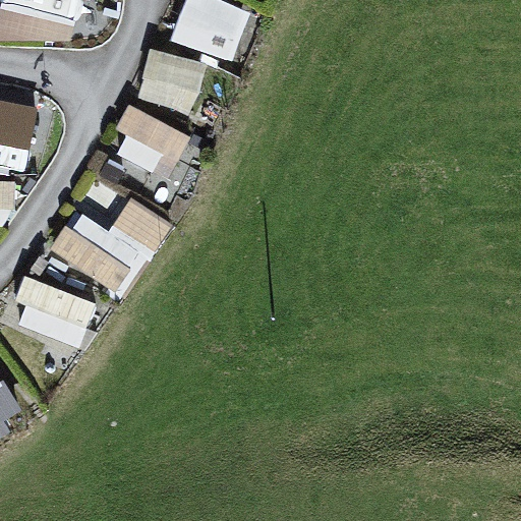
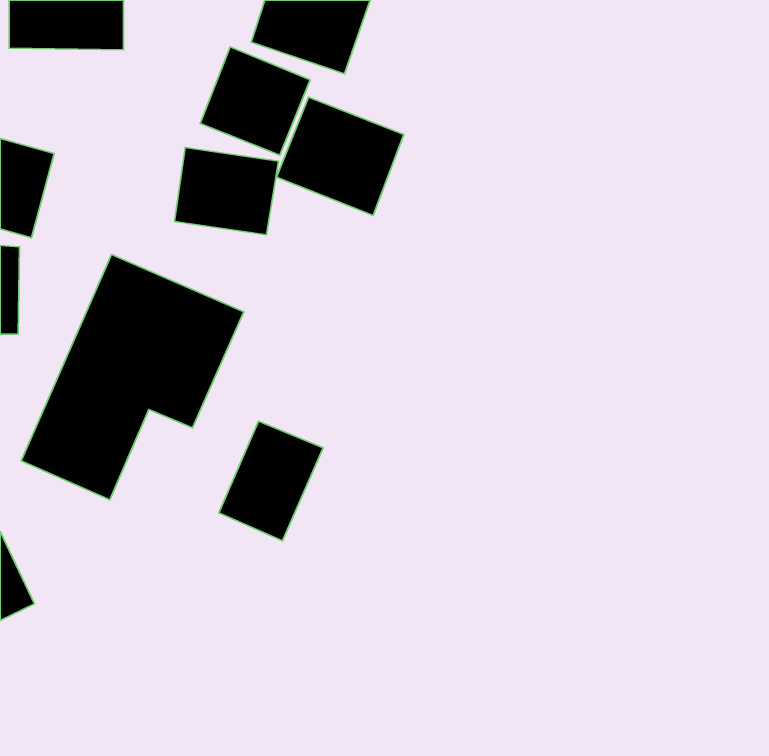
building: none -> [277,97,404,215]
building: none -> [219,421,323,541]

